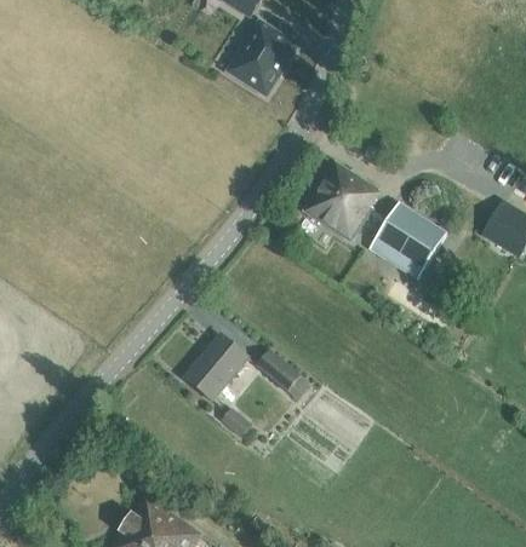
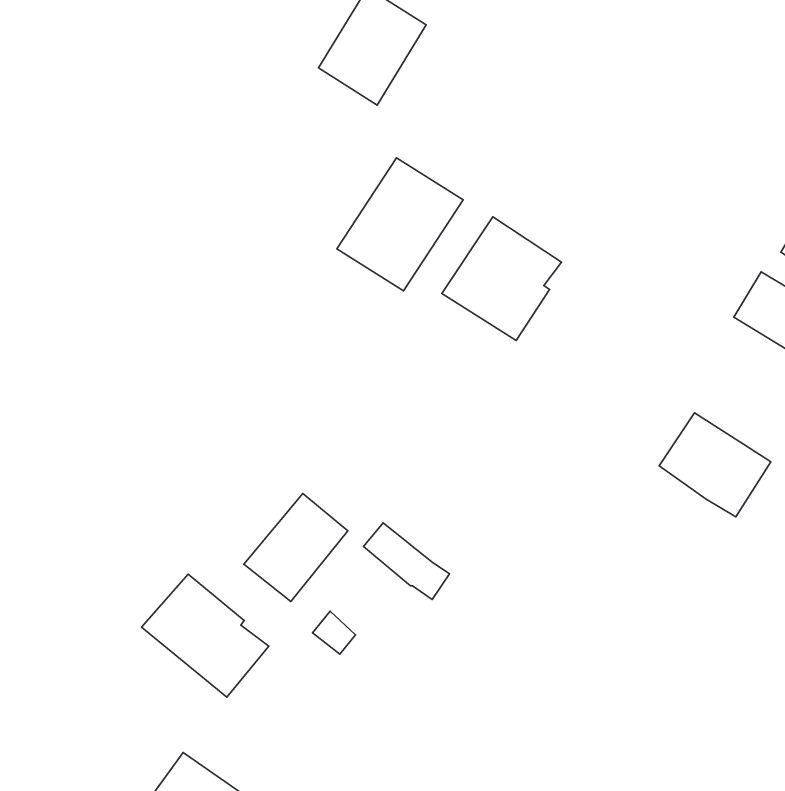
building: none -> [337,158,463,291]
building: [375,207,444,271] -> [659,413,771,517]
building: none -> [142,574,269,697]

